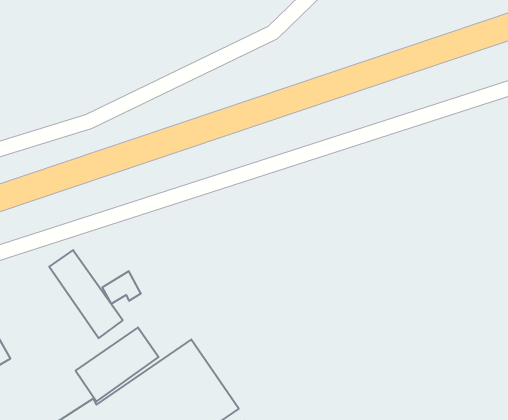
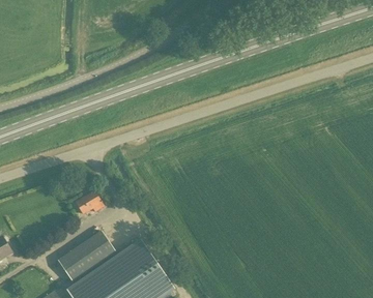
building: [49,250,123,338] -> none

